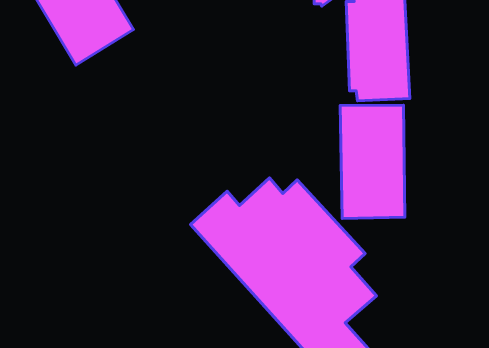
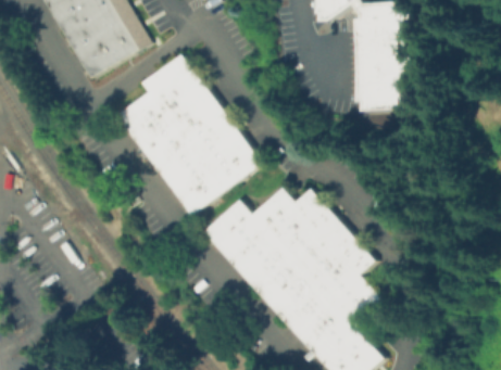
building: none -> [120,54,263,217]
building: [340,105,405,218] -> none

